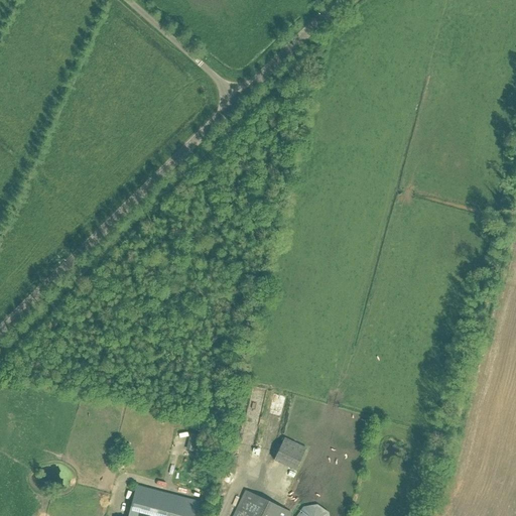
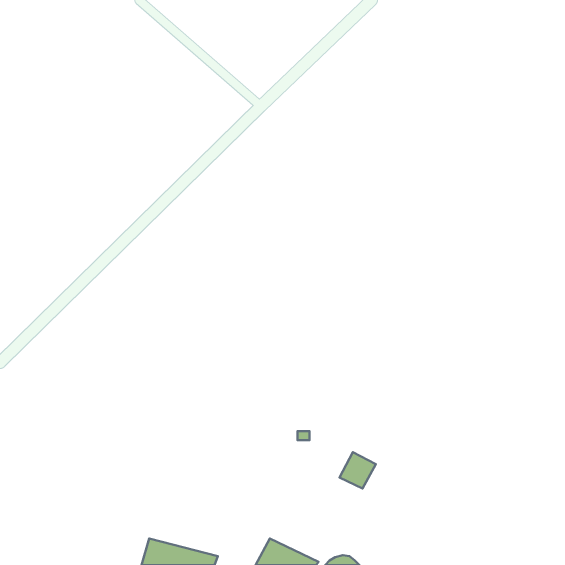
building: [274,436,307,470] -> [339,452,376,489]

